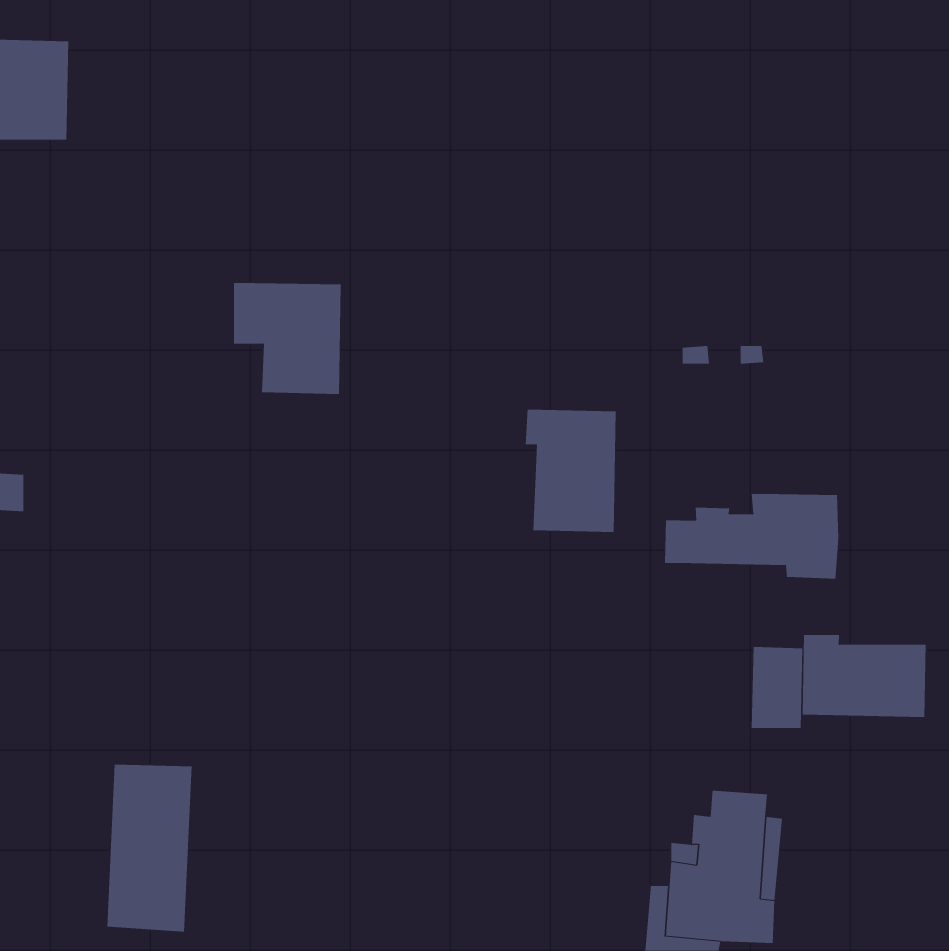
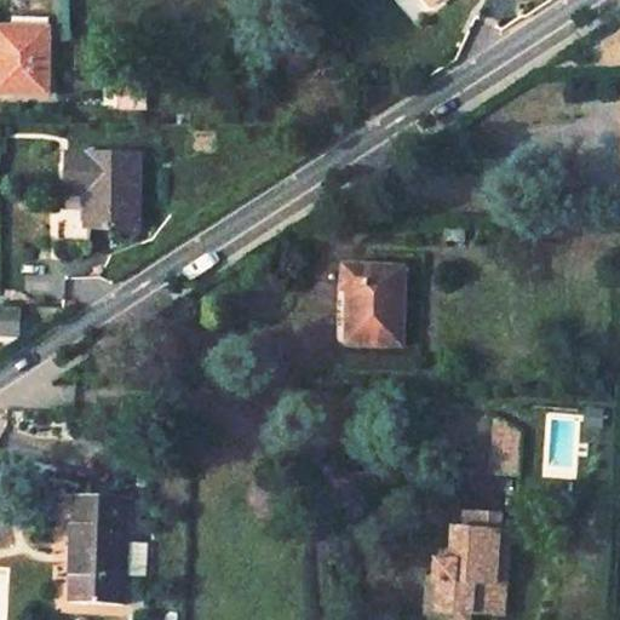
building: [233,282,342,394] -> [63,151,133,224]
building: [665,493,839,579] -> none
building: [802,634,926,718] -> none

